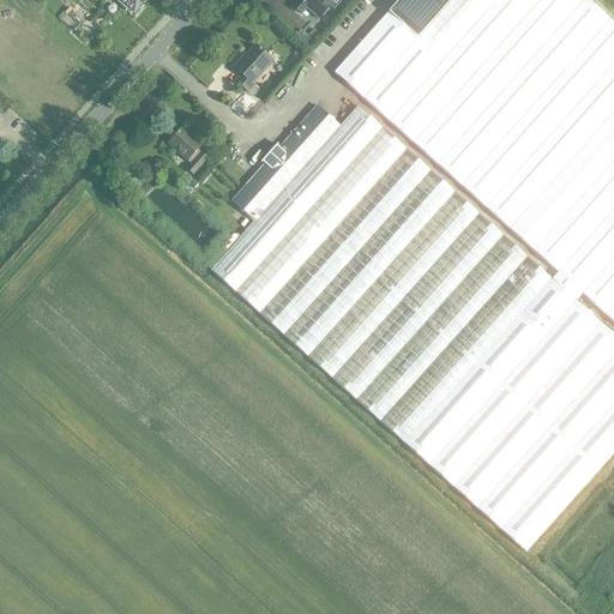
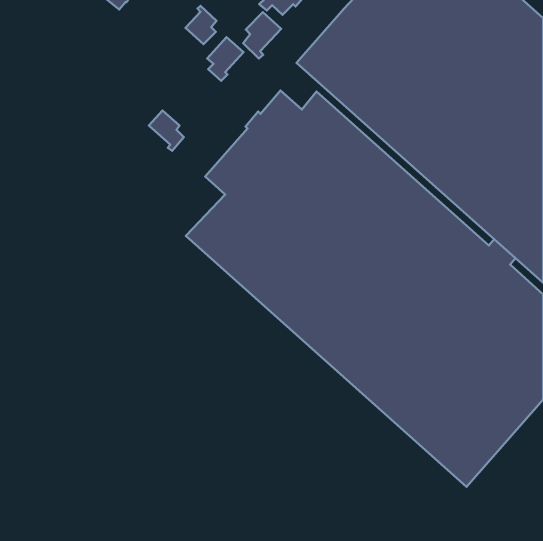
building: none -> [185,6,216,44]
building: none -> [243,12,281,59]

